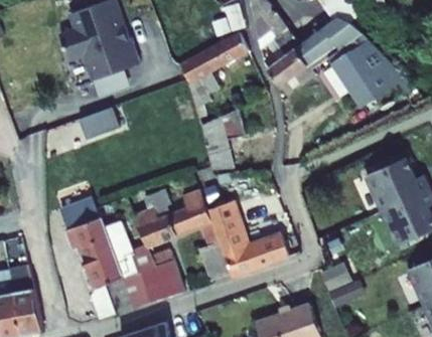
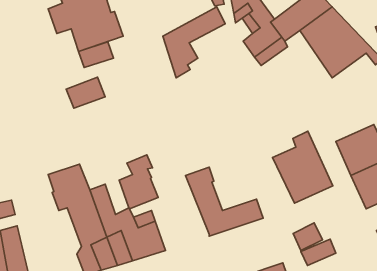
building: [200,107,245,170] -> none
building: none -> [273,131,333,203]
building: [168,189,231,281] -> none

